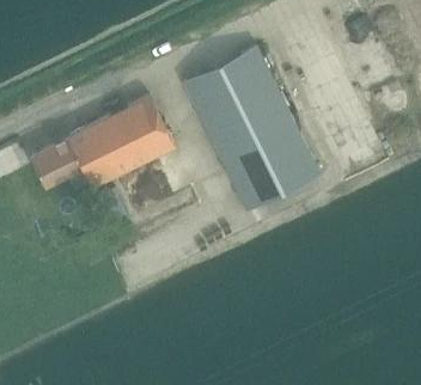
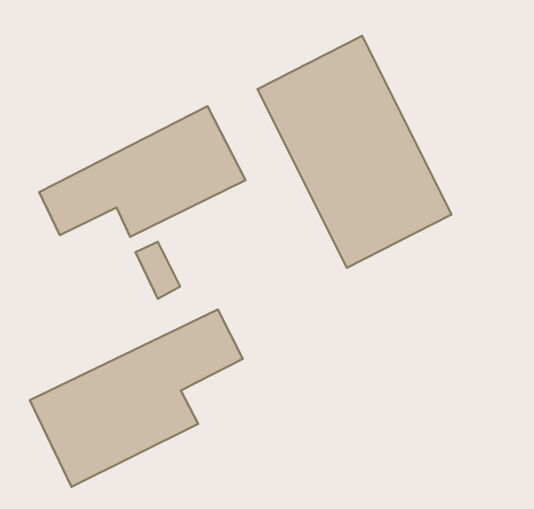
building: none -> [30,310,243,487]

